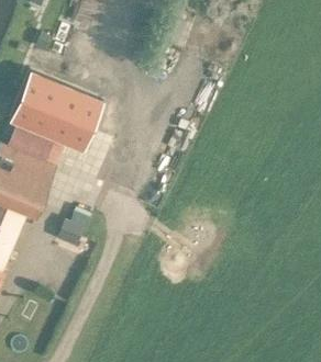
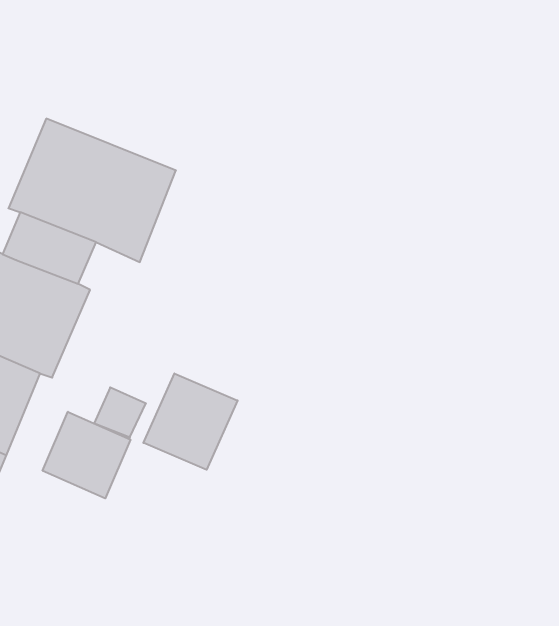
building: none -> [143,373,238,470]
building: none -> [43,412,130,498]

